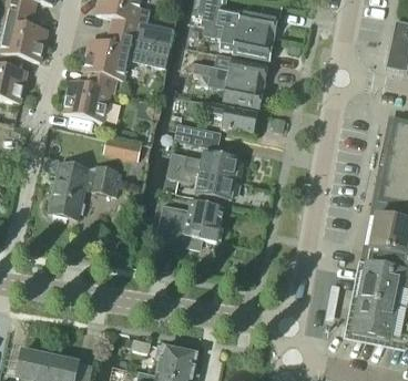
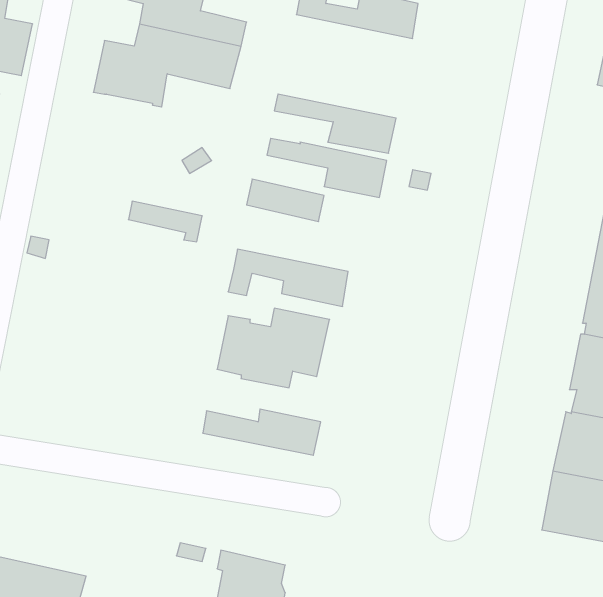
building: [202,23,274,59] -> none
building: [193,56,268,85] -> none
building: [62,70,118,120] -> none
building: [169,150,239,177] -> [203,409,321,455]
building: [47,161,118,218] -> none

